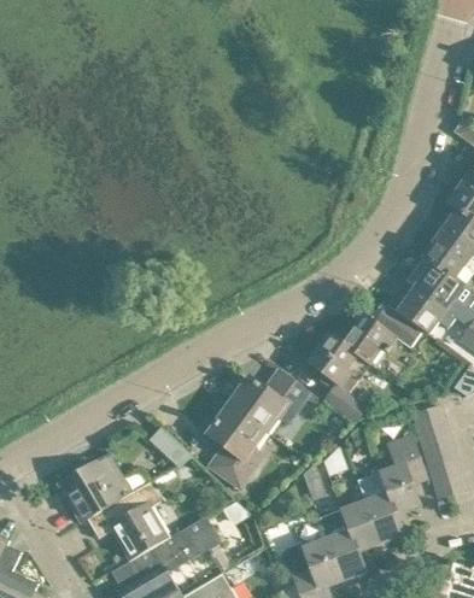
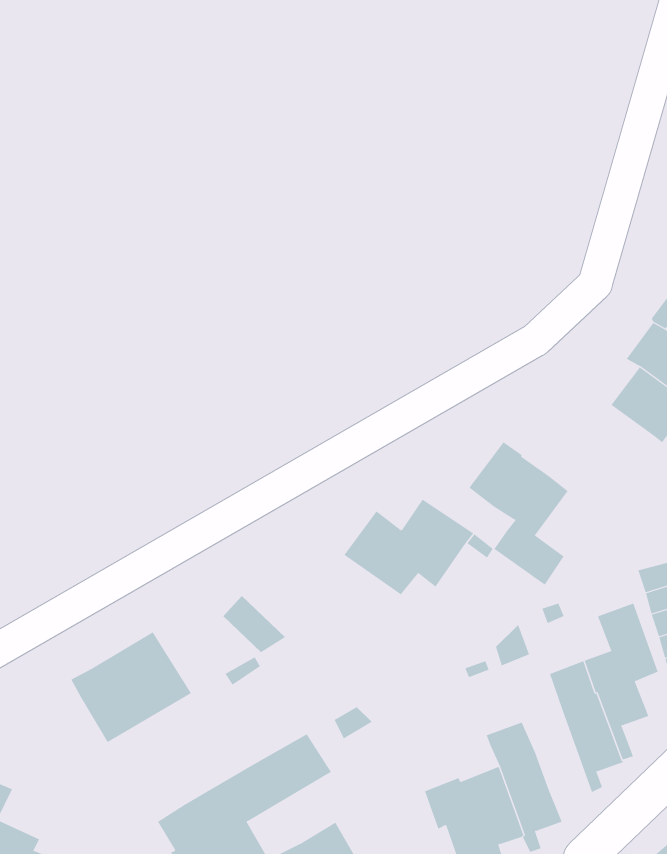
building: [340,304,422,368] -> none
building: [206,404,264,488] -> none
building: [86,481,171,561] -> none
building: [340,499,384,556] -> none

